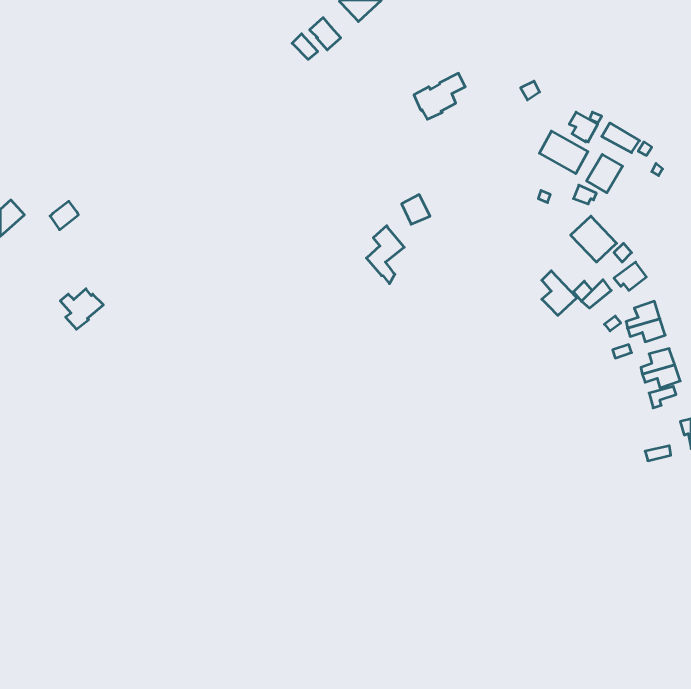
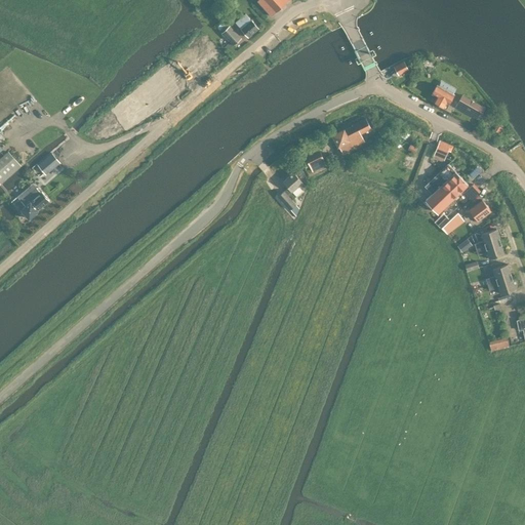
building: [414,73,465,119] -> [332,119,371,154]
building: [539,131,588,174] -> none
building: [587,154,623,193] -> none
building: [542,271,577,315] -> [426,179,452,213]
building: [60,289,103,329] -> [16,189,49,219]

